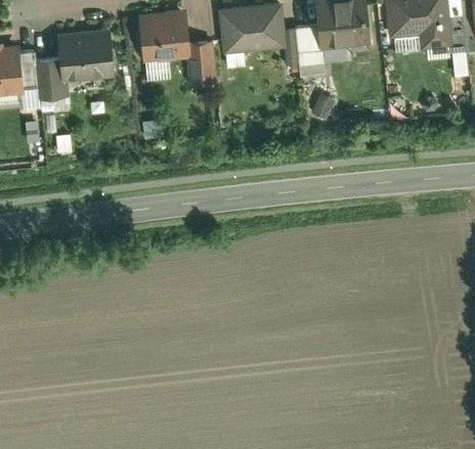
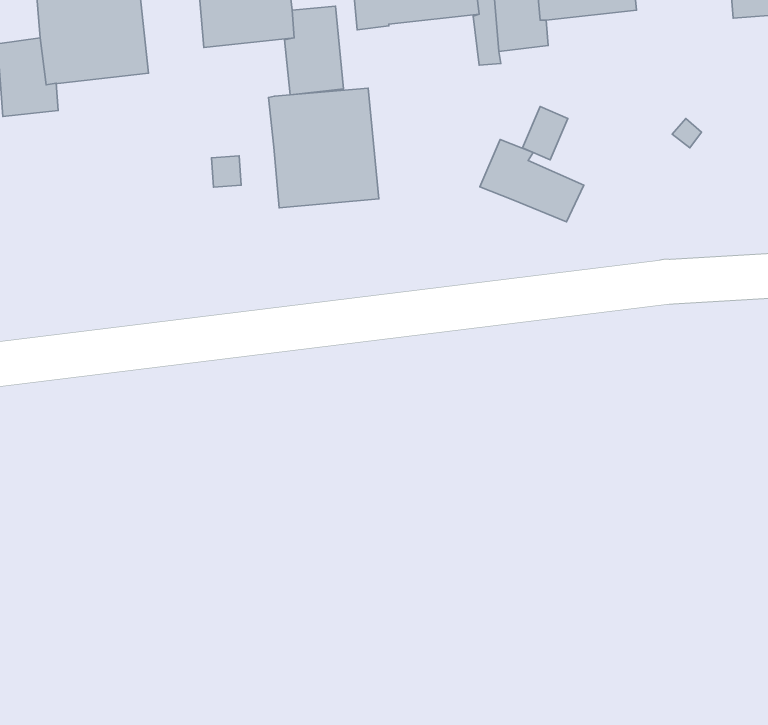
building: none -> [269,88,379,208]
building: none -> [480,139,584,222]

